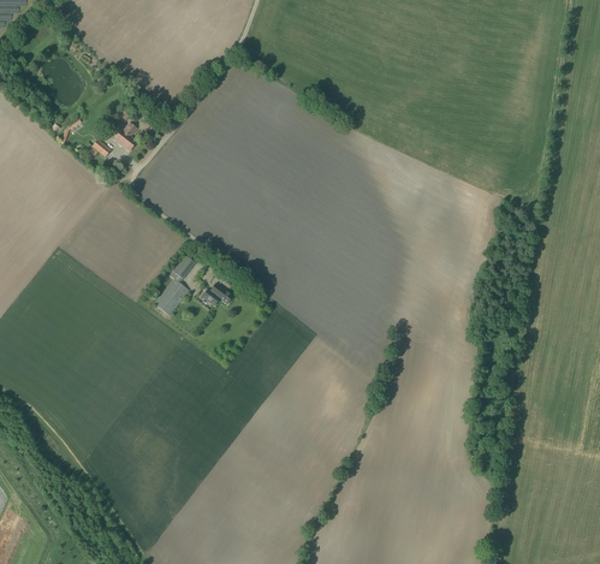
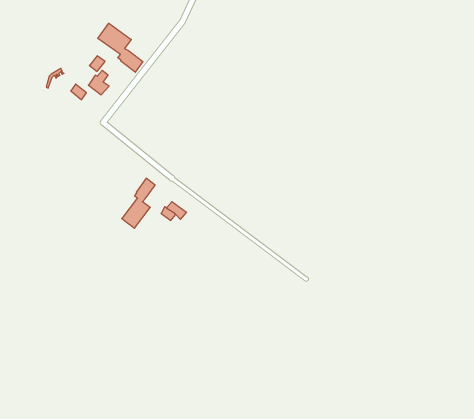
building: none -> [98,23,143,72]

